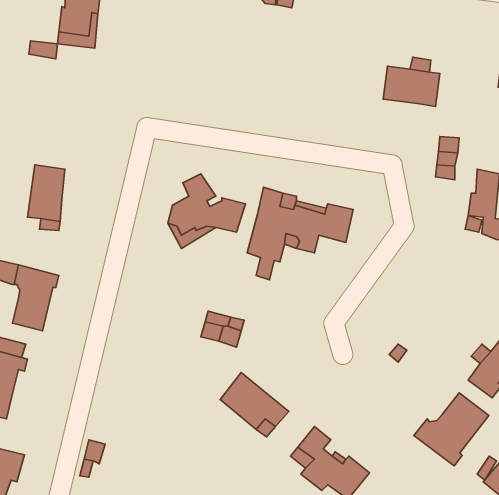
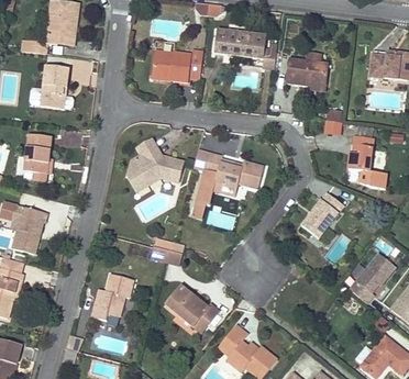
building: none -> [214,29,276,68]
building: none -> [152,51,192,82]
building: none -> [40,64,70,108]
building: none -> [301,193,343,238]
building: none -> [91,274,133,321]
building: [414,393,489,466] -> none

